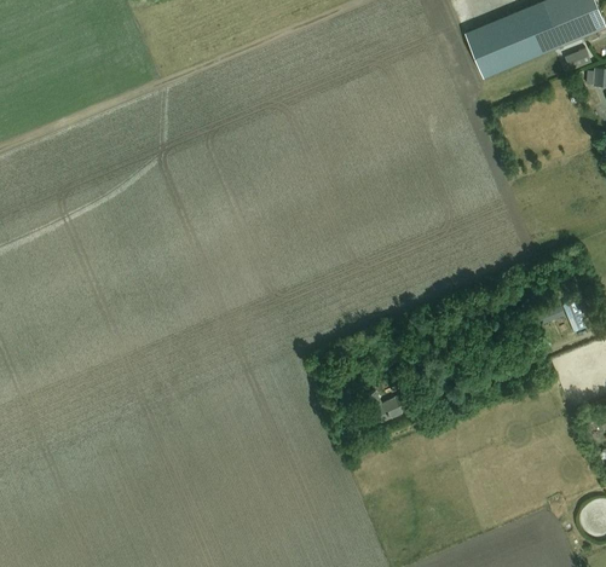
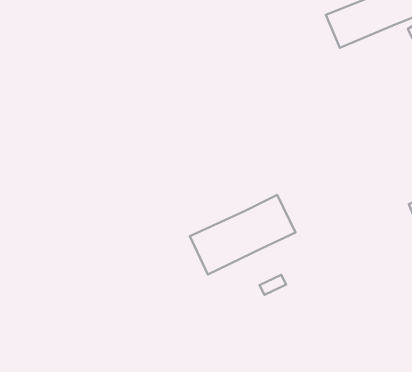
building: none -> [190,195,296,274]

